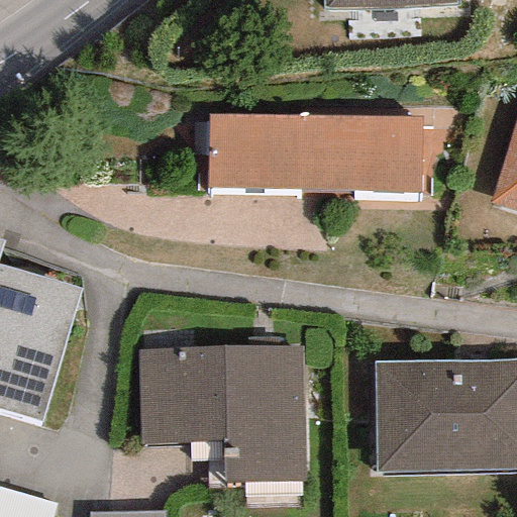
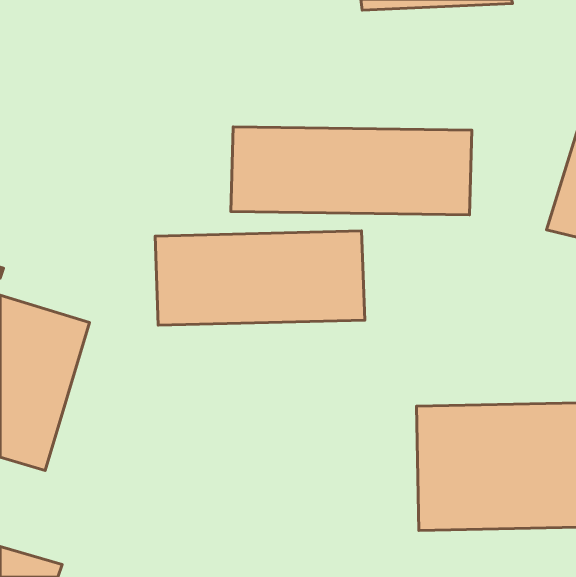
building: none -> [155,231,365,325]
building: [137,345,306,482] -> none

